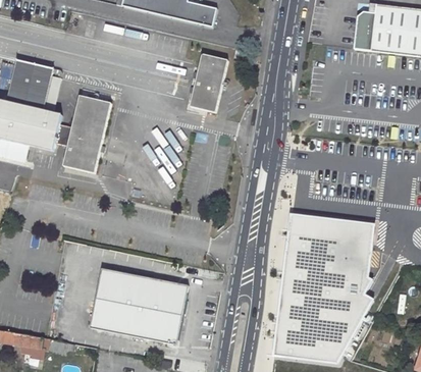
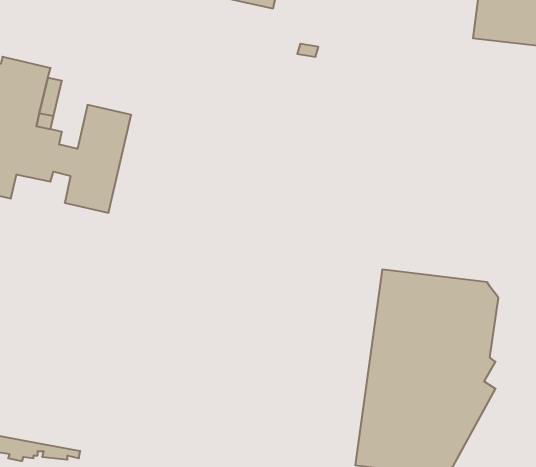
building: [188,53,227,113] -> none
building: [89,267,188,342] -> none

